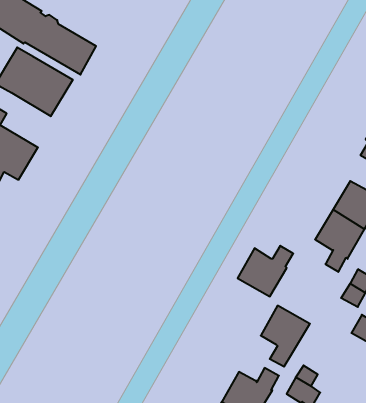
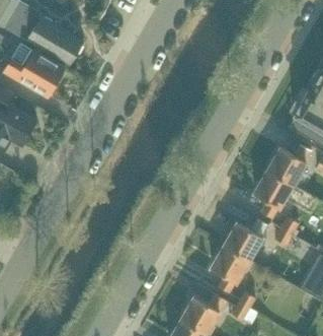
building: [238,246,293,296] -> [224,220,267,260]

